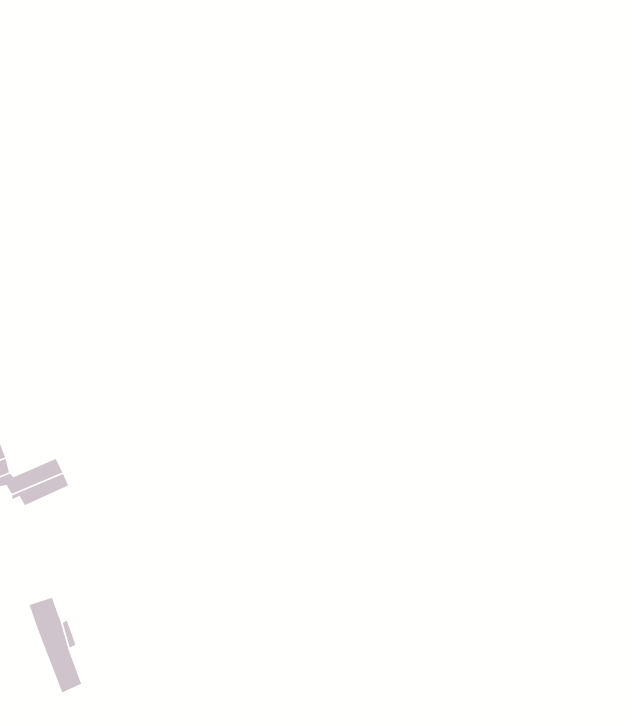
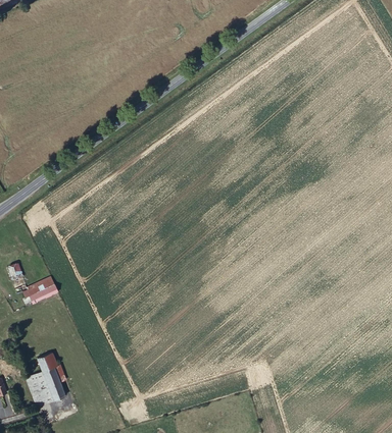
building: none -> [26,370,53,405]

